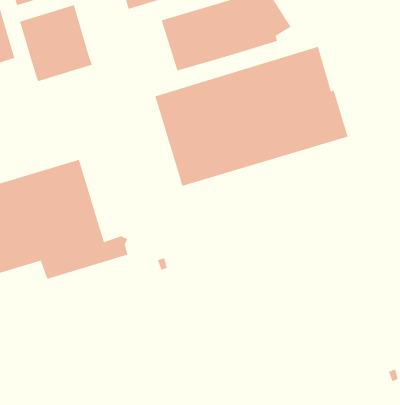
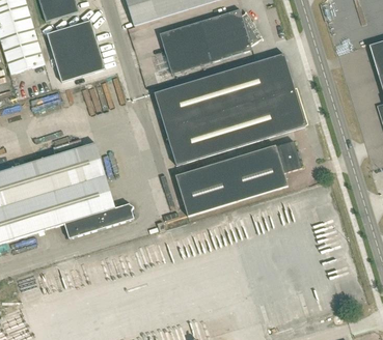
building: none -> [174,141,301,217]

